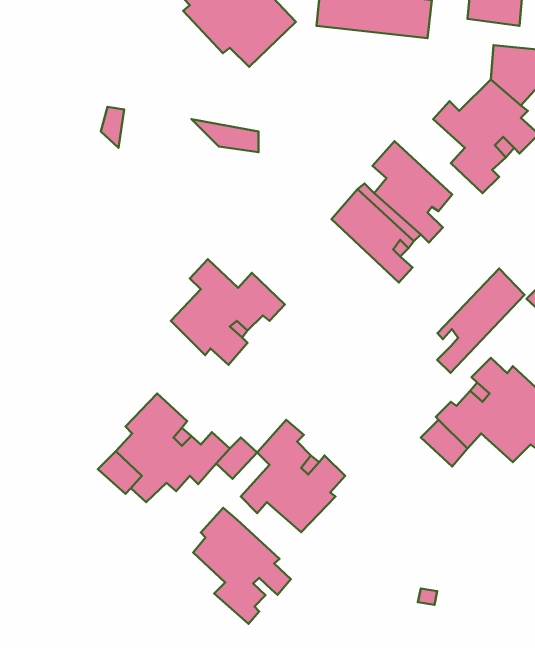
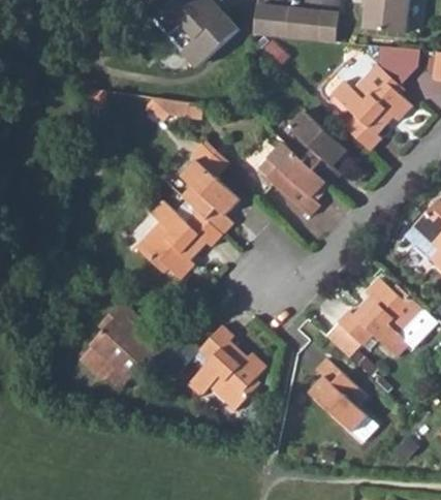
building: none -> [180,146,239,238]
building: [437,269,524,373] -> none
building: none -> [310,357,379,440]
building: [193,508,291,624] -> none

